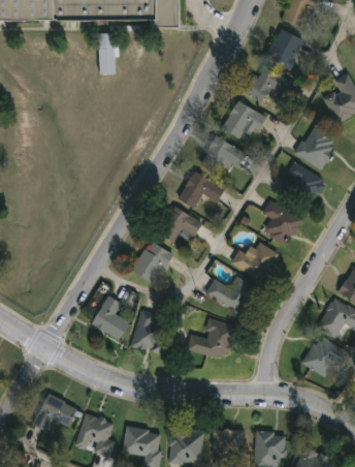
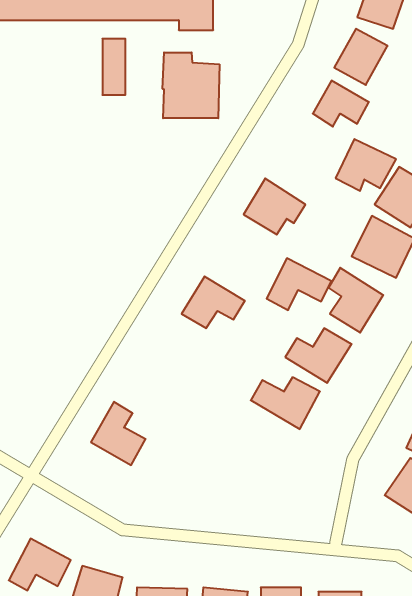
building: none -> [163,52,219,118]
building: [223,100,266,137] -> [336,139,396,191]
building: [179,170,225,208] -> [267,258,331,310]
building: [132,240,171,283] -> none
building: [138,314,170,346] -> none
building: [187,318,238,361] -> none

